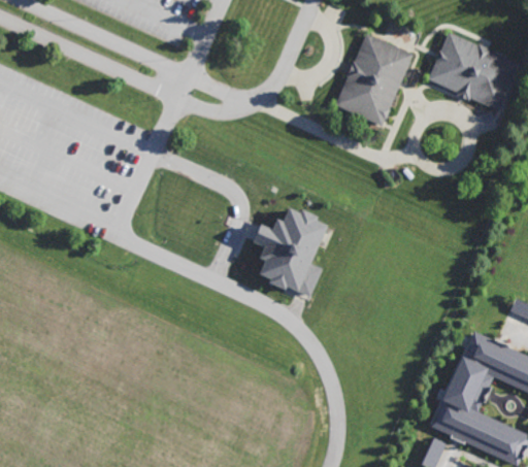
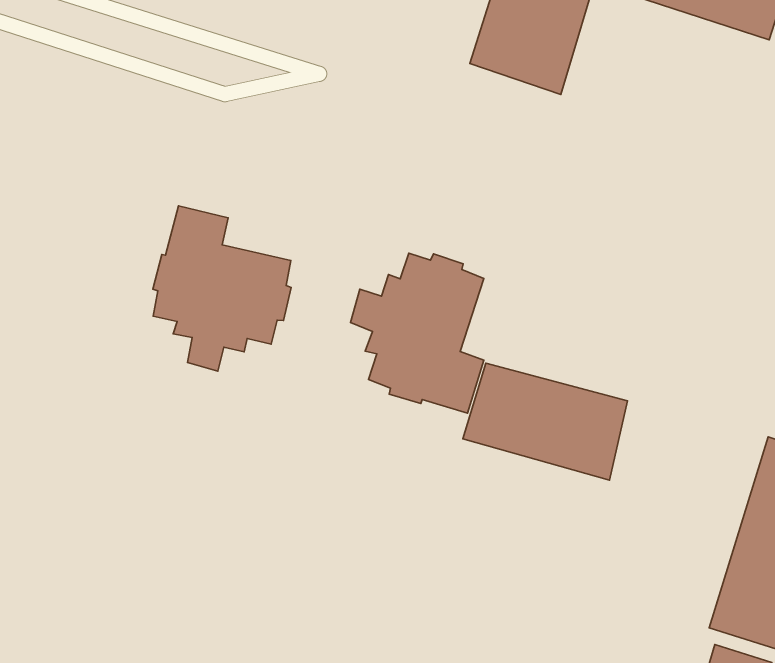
building: none -> [153,206,291,371]
building: none -> [463,363,628,480]

